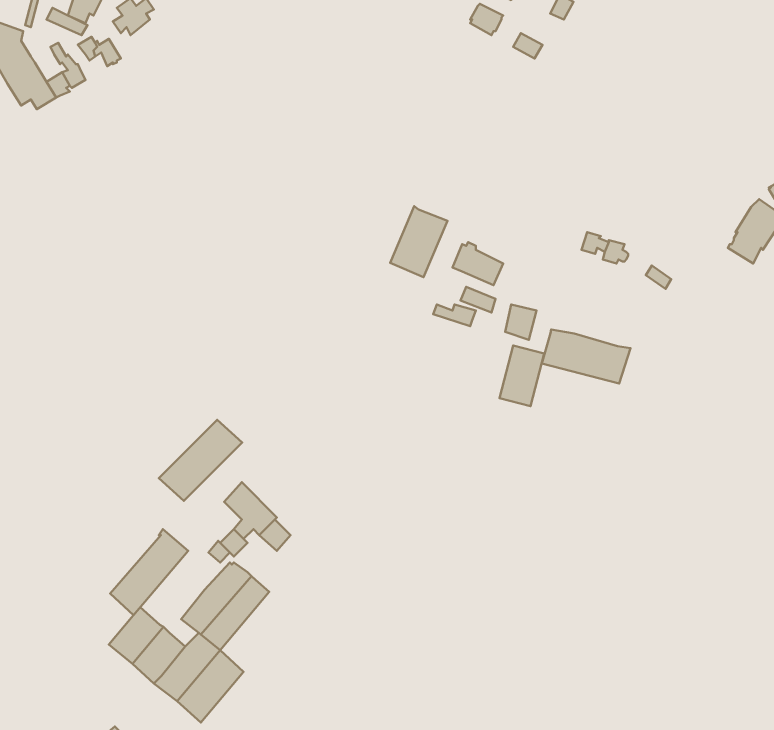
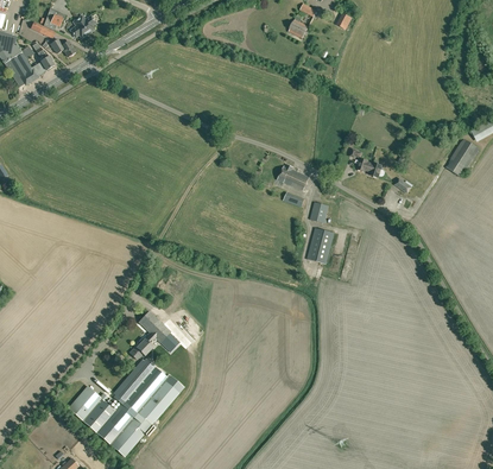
building: [390,206,448,277] -> none
building: [542,330,631,384] -> none
building: [159,420,242,501] -> none
building: [110,529,188,615] -> [137,373,184,425]

